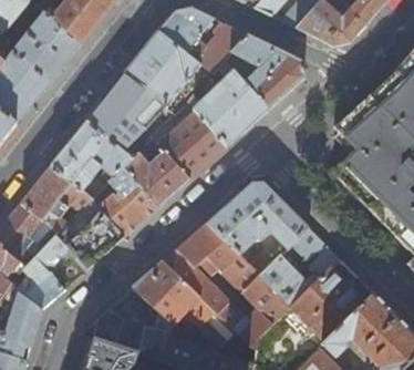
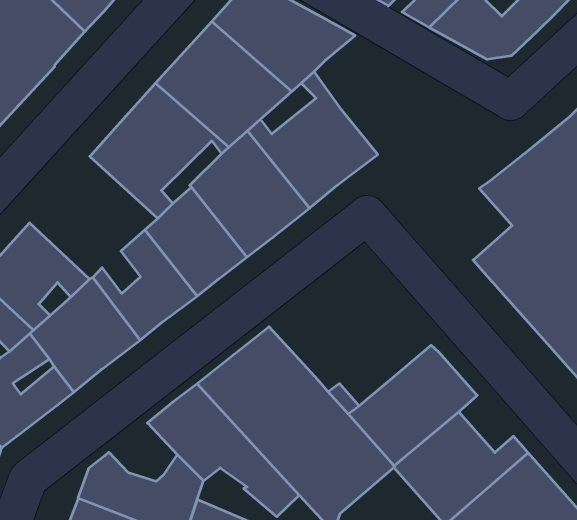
building: [232,35,306,110] -> none
building: [52,122,133,199] -> none
building: [207,182,310,255] -> none

